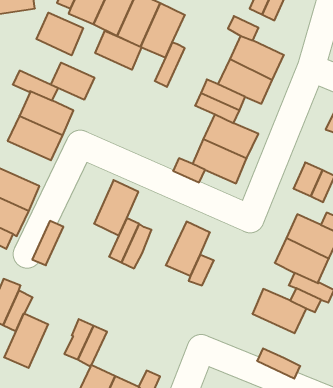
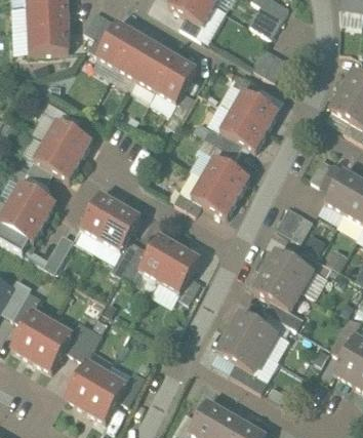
building: [36,13,83,55] -> none
building: [95,31,142,70] -> none
building: [51,63,94,100] -> none
building: none -> [80,192,121,239]
building: none -> [139,233,180,281]
building: none -> [217,330,265,371]
building: none -> [32,322,73,370]

